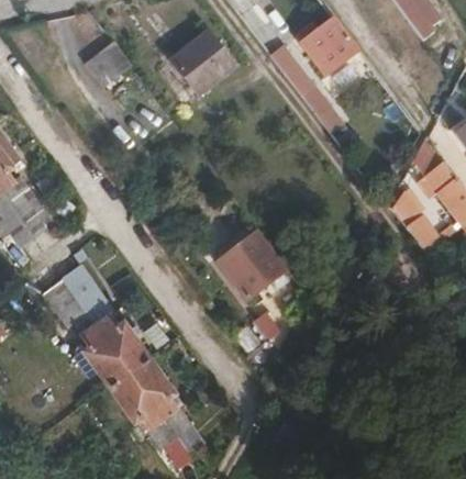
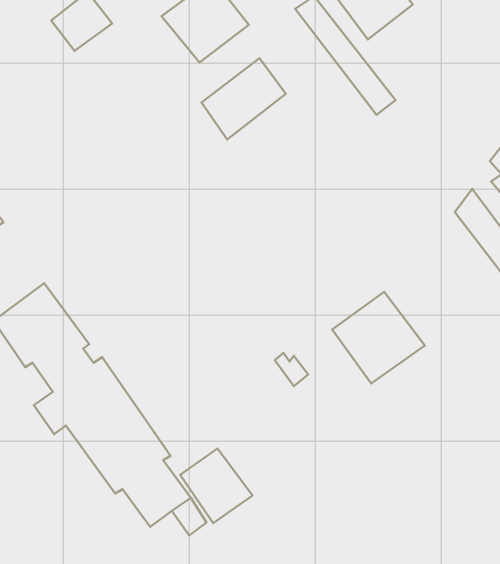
building: none -> [202,58,286,139]
building: [215,232,286,301] -> [332,292,425,383]
building: none -> [180,448,252,523]

